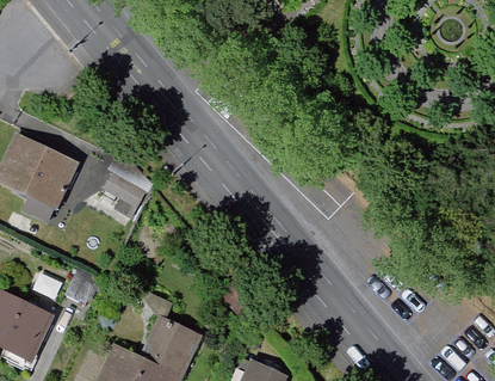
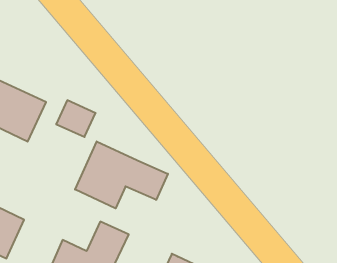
building: none -> [75,141,168,208]

